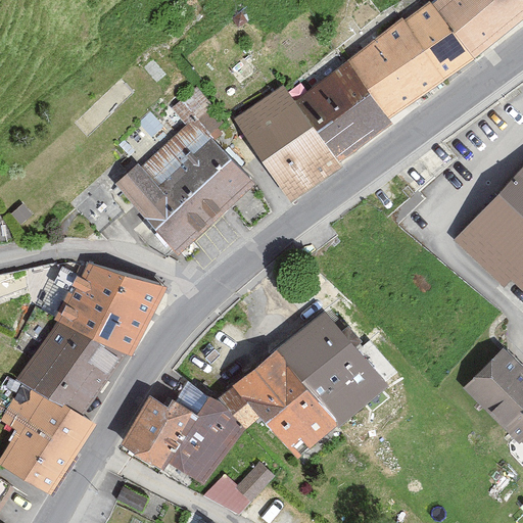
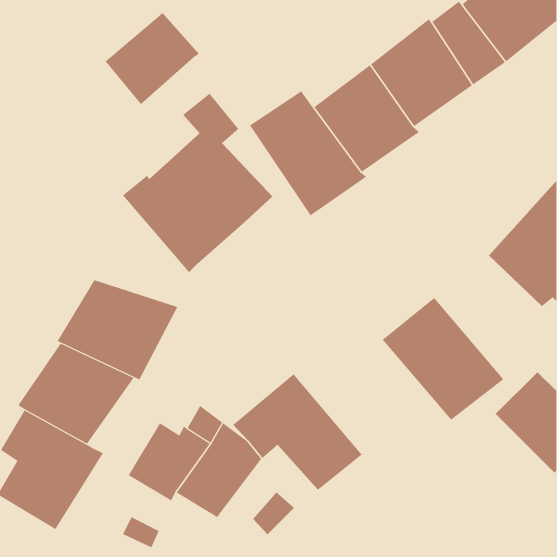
building: none -> [105,12,200,105]
building: [275,310,389,425] -> [382,297,504,421]
building: [201,473,250,515] -> none

